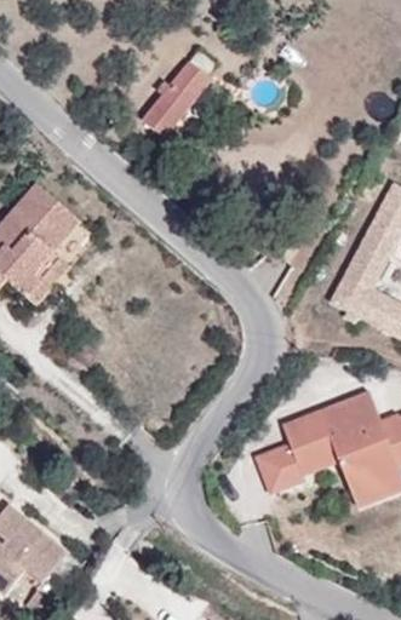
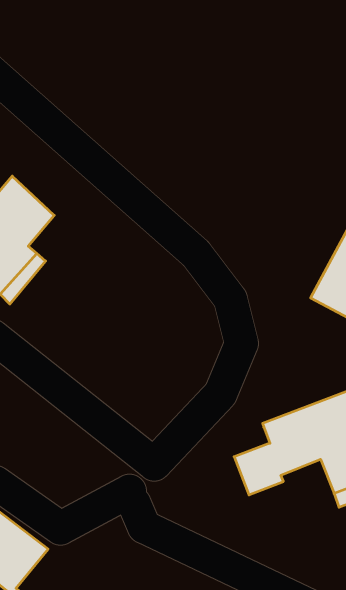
building: [139,61,208,138] -> none

